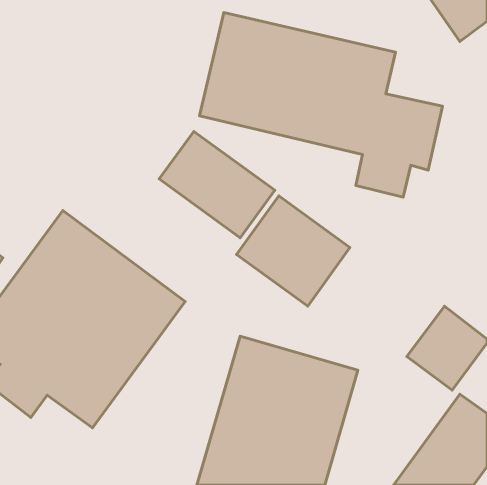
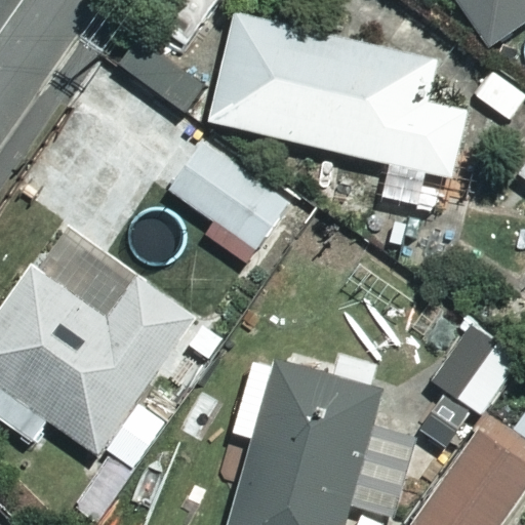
building: [237,196,350,306] -> none

